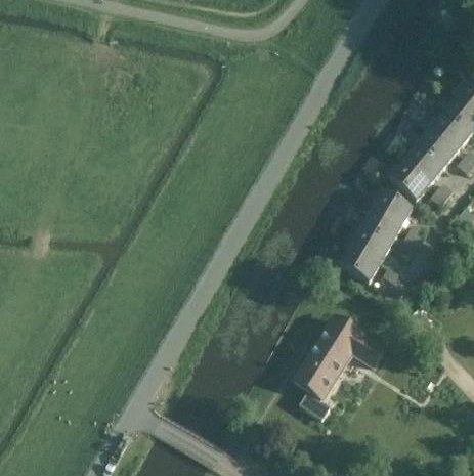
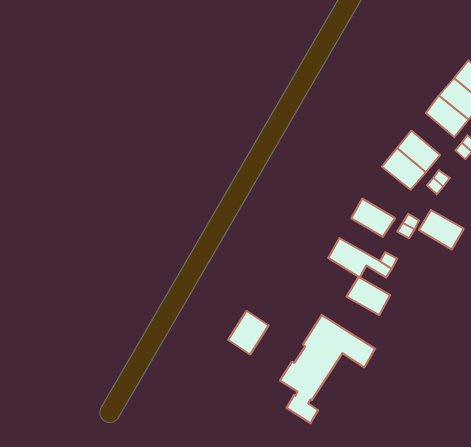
building: [416,129,456,168] -> none
building: [370,190,412,227] -> [419,210,464,250]
building: [348,227,389,263] -> [346,277,390,315]
building: none -> [228,311,269,354]

